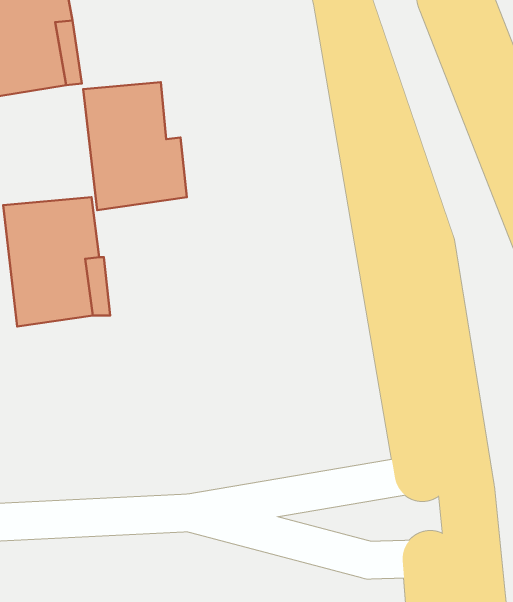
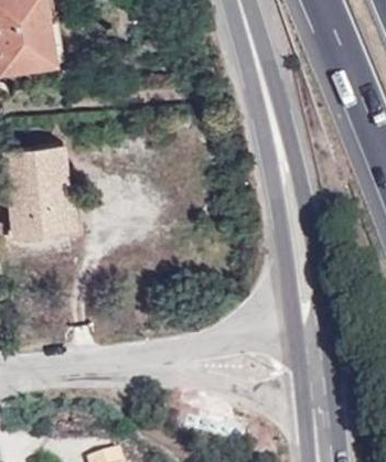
building: [83,82,187,210] -> none

